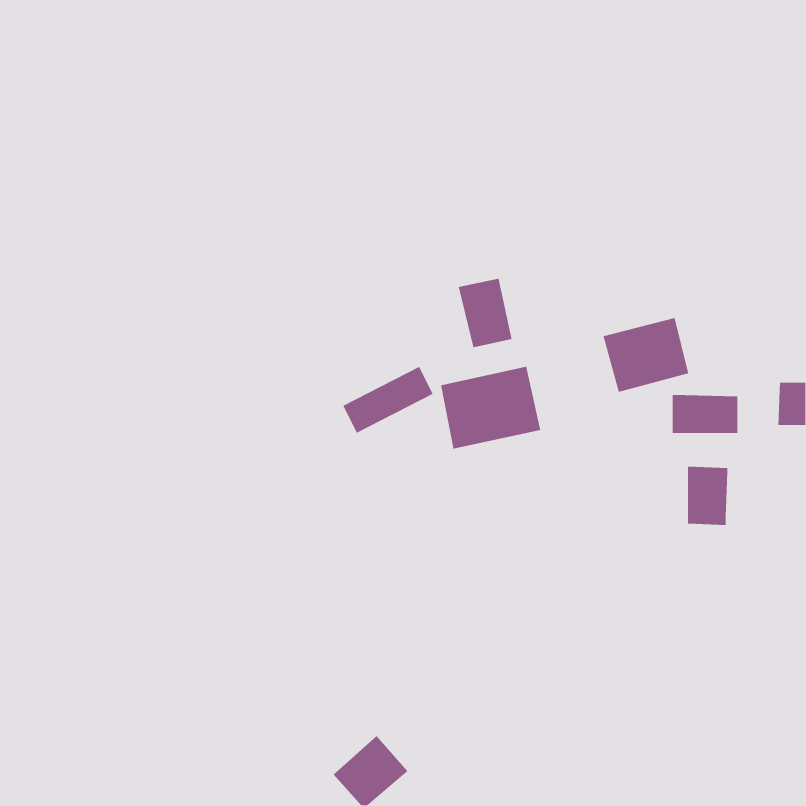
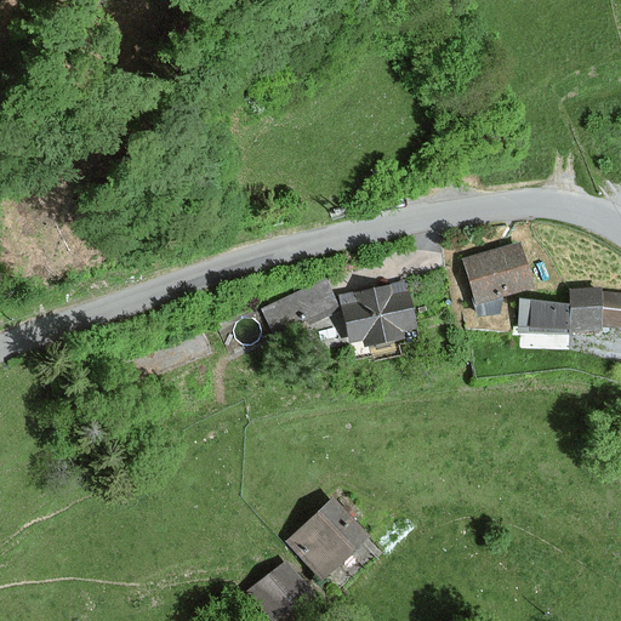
building: [458,278,512,348] -> none
building: [687,466,728,526] -> [568,289,599,335]
building: none -> [287,501,363,576]

